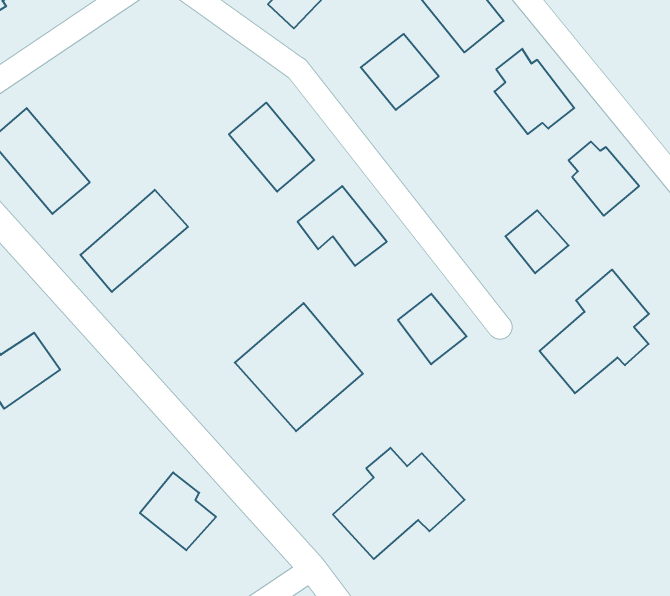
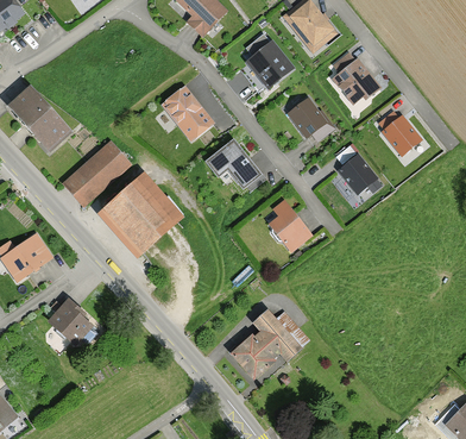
building: none -> [286,98,326,138]
building: [540,270,649,393] -> none
building: [235,303,363,431] -> [97,176,180,258]
building: [140,472,216,550] -> [45,293,94,343]

